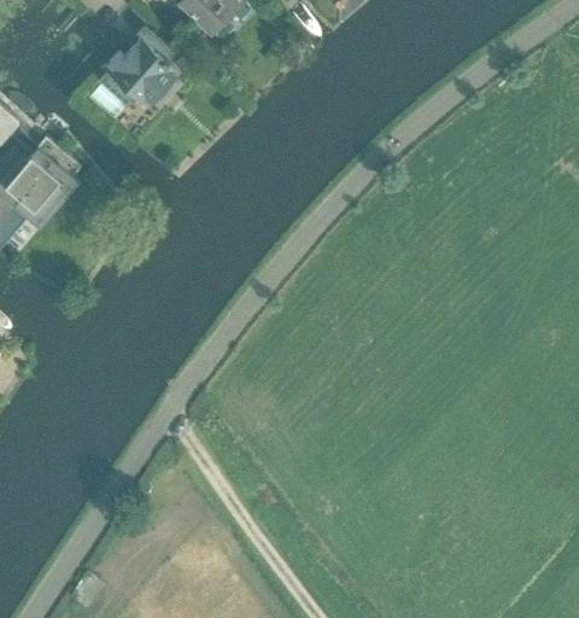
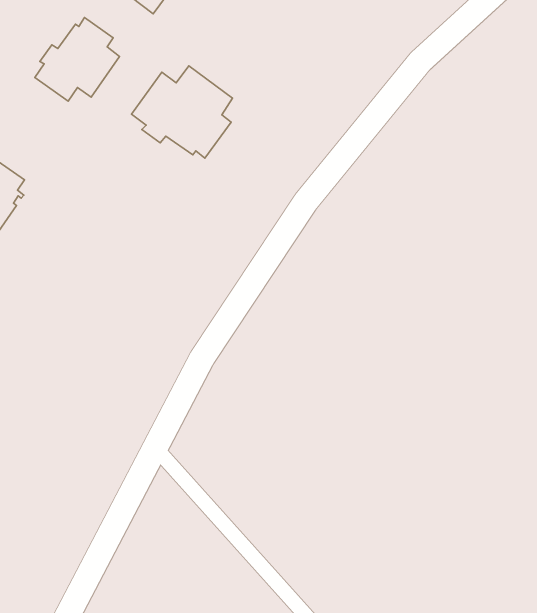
building: none -> [132,66,233,158]

